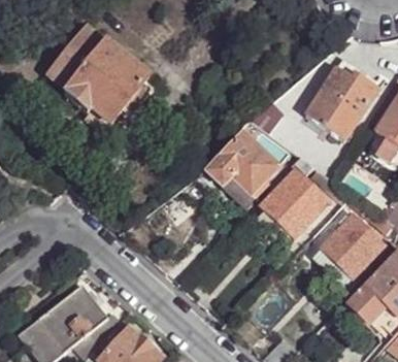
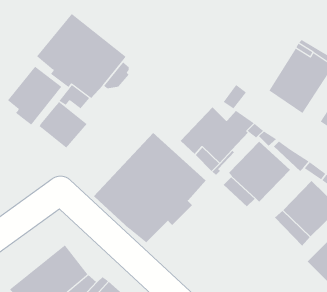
building: none -> [7,66,62,125]
building: none -> [39,101,87,149]
building: none -> [93,132,207,243]

